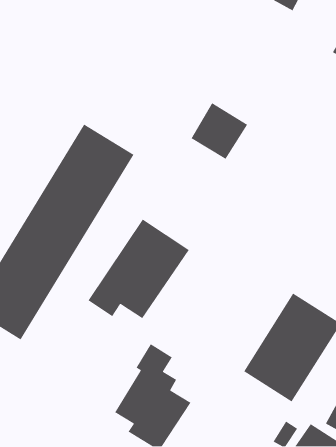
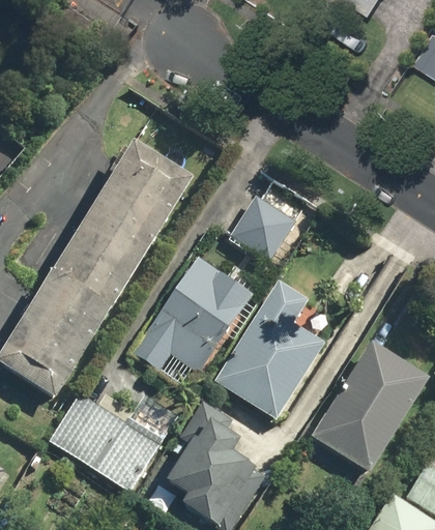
building: [190,102,248,160] -> [229,193,296,260]
building: none -> [213,282,323,419]
building: none -> [48,390,158,490]

